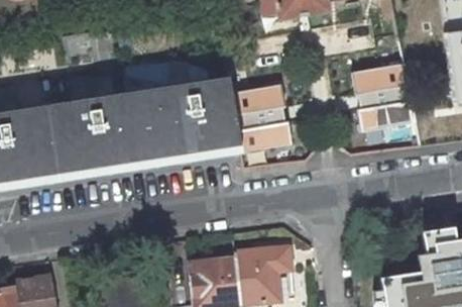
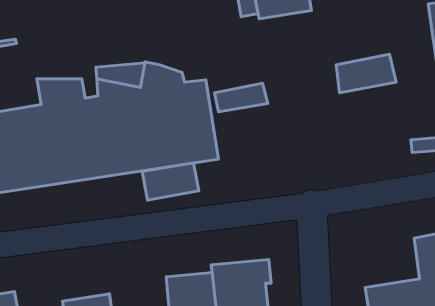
building: [358,91,418,132] -> none
building: [243,114,297,149] -> [142,163,199,200]

